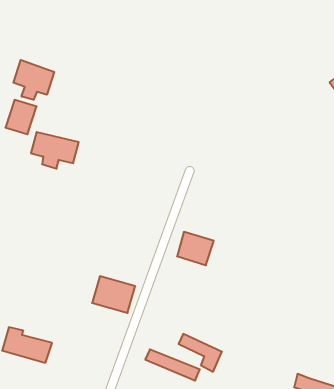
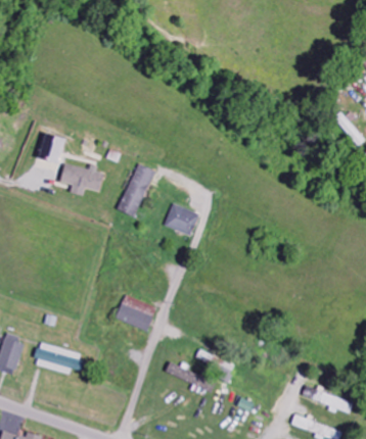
building: [13,60,54,100] -> none
building: none -> [119,163,155,217]
building: [177,232,214,265] -> [166,204,199,235]

